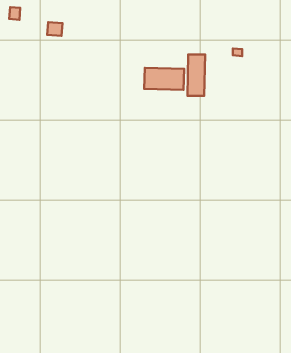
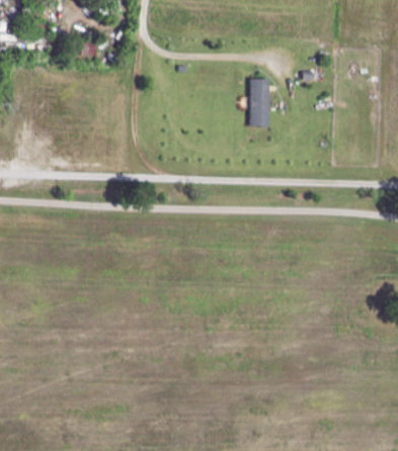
building: [144,68,184,90] -> none

